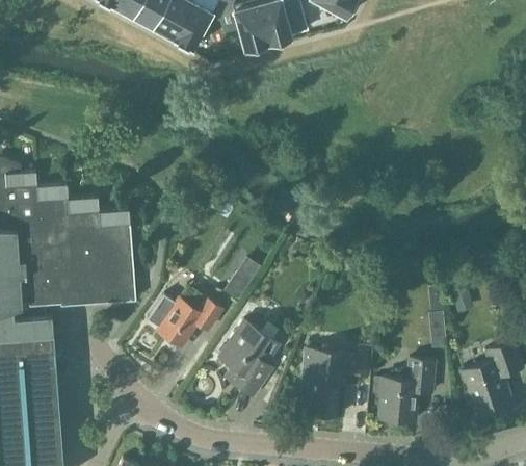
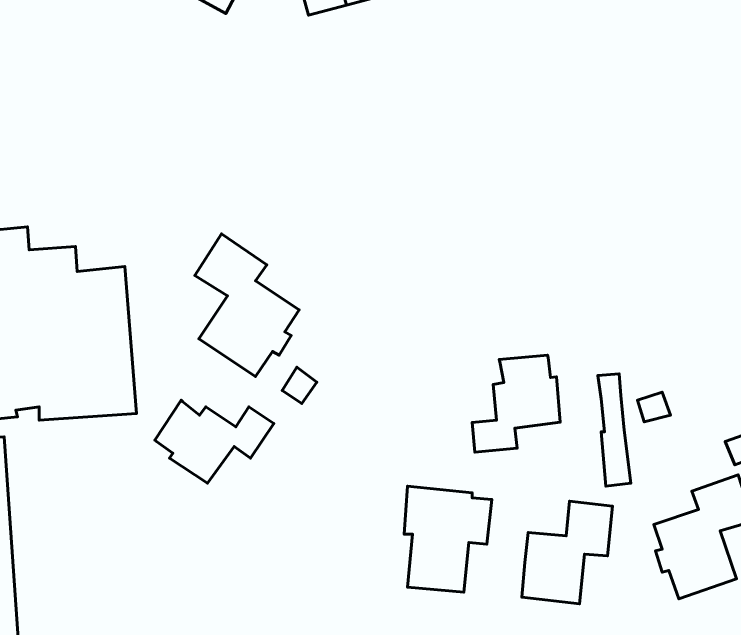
building: none -> [195,234,299,377]
building: none -> [472,355,560,452]
building: [219,321,279,396] -> none

